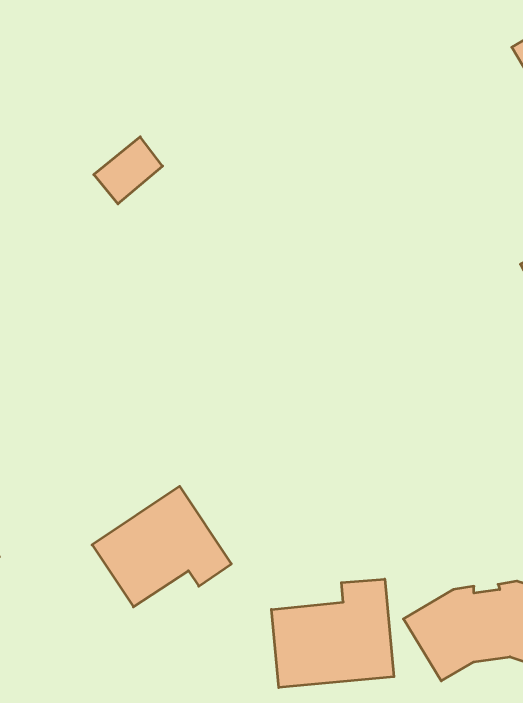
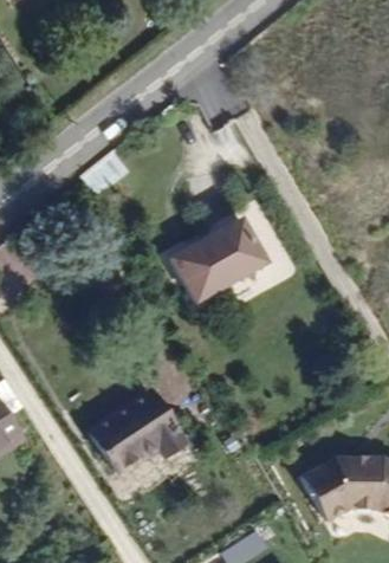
building: none -> [174,219,270,303]
building: [271,579,394,688] -> none

